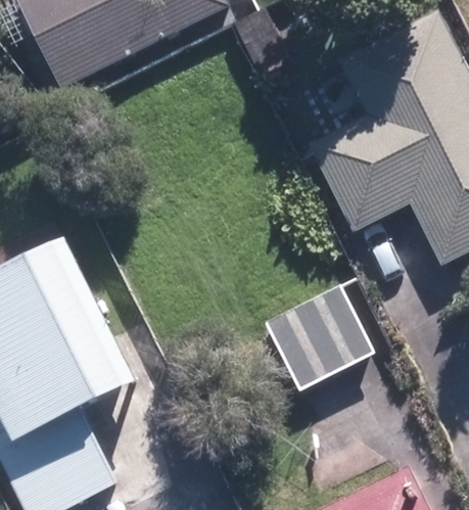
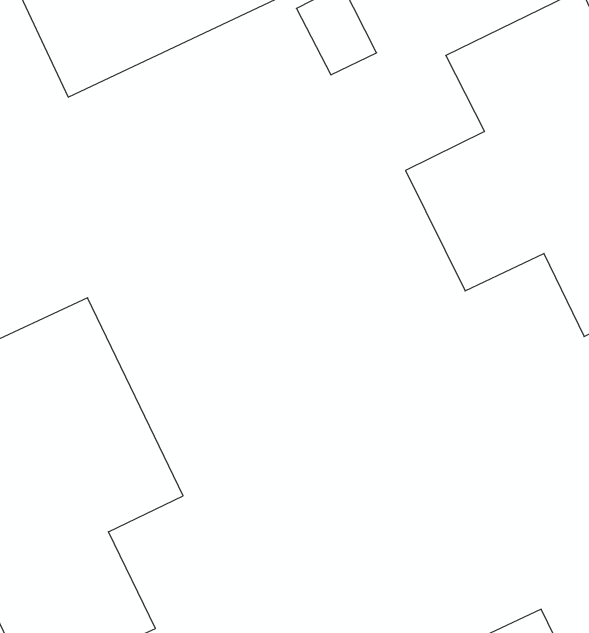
building: [264,284,373,390] -> none

